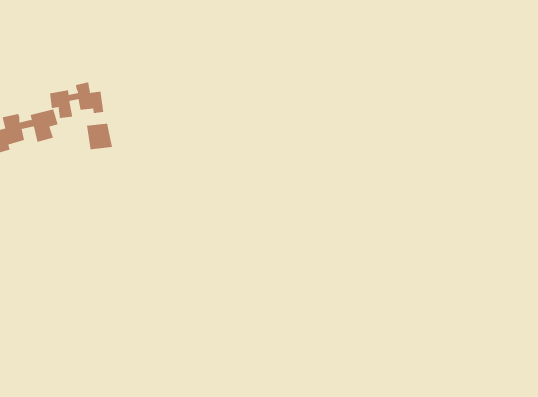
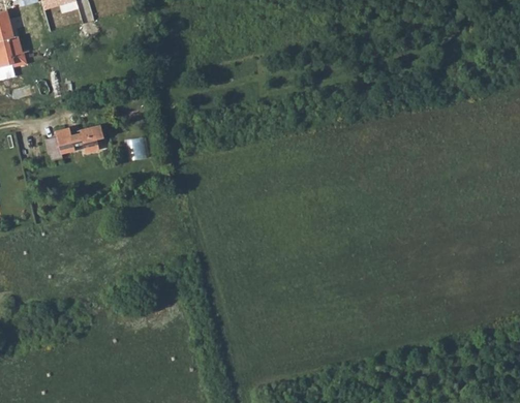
building: [50,82,104,119] -> none

